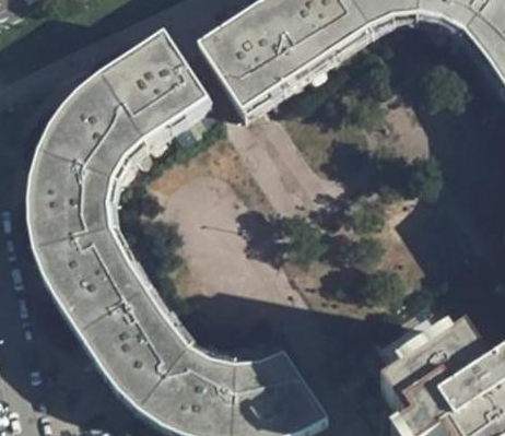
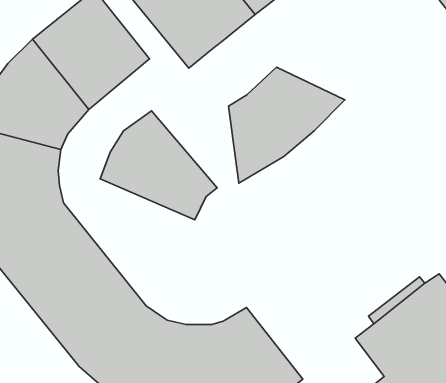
building: none -> [228,67,345,183]
building: none -> [100,111,217,220]

